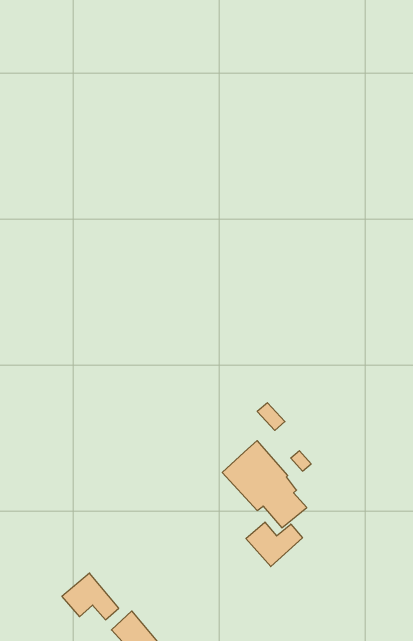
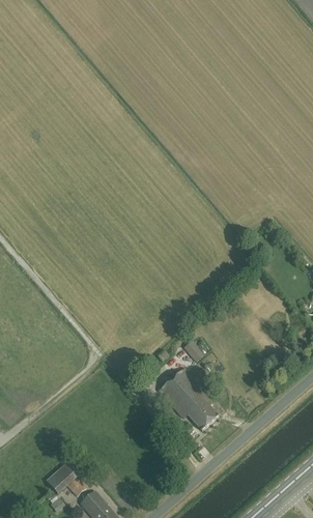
building: [246,522,302,567] -> none

